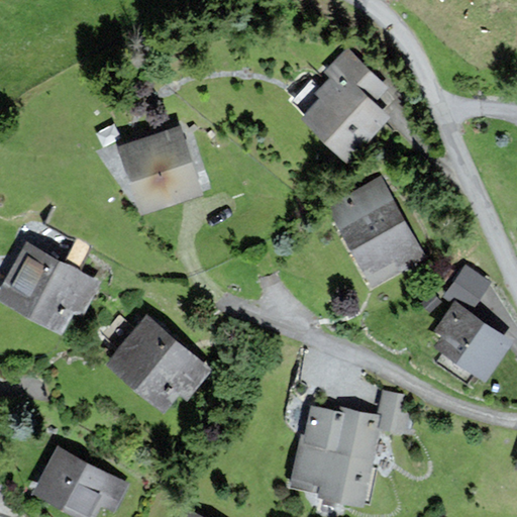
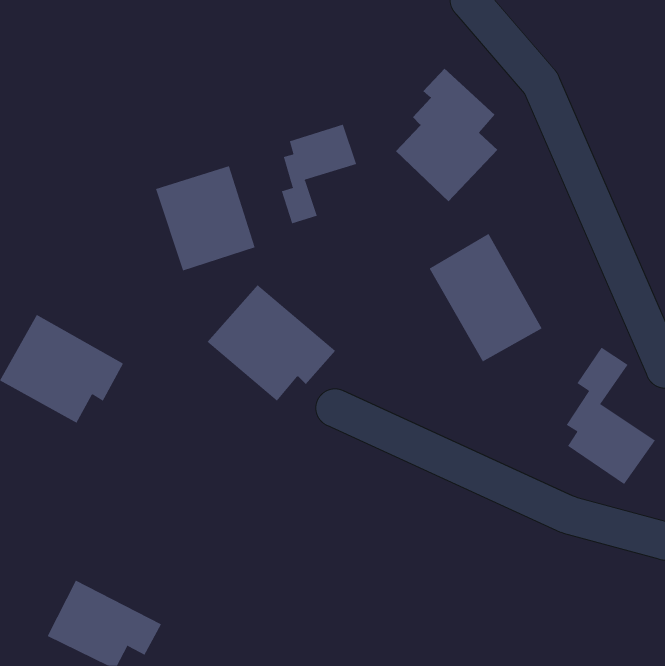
building: none -> [281,124,357,224]
building: [108,317,208,408] -> [207,284,336,402]
building: [294,393,410,501] -> none

